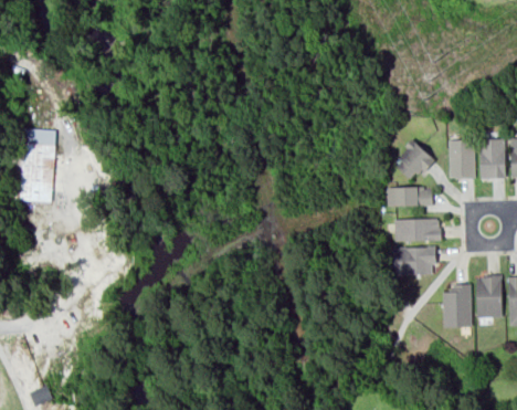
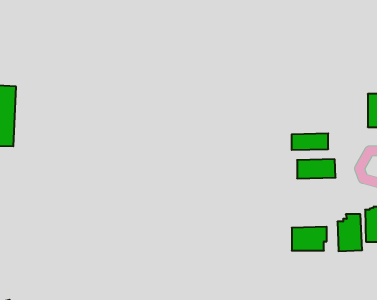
building: [397,138,435,179] -> none
building: [449,140,475,179] -> none
building: [393,246,435,275] -> [292,227,327,251]

